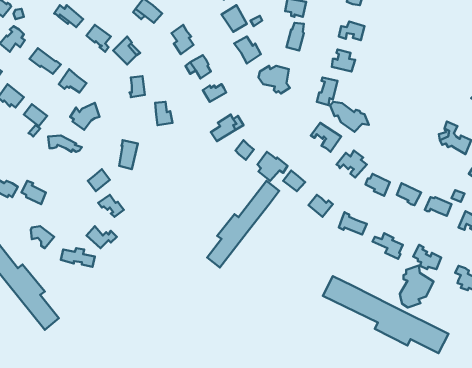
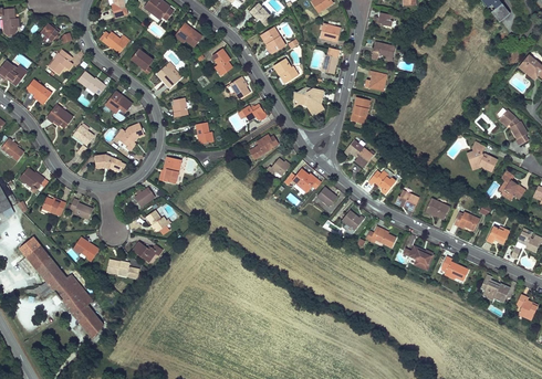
building: [330,102,369,132] -> none
building: [207,181,279,268] -> none
building: [400,266,434,307] -> none
building: [323,276,449,353] -> none

